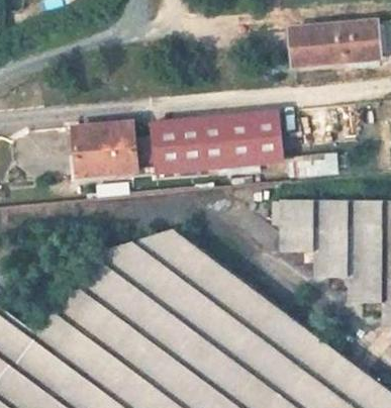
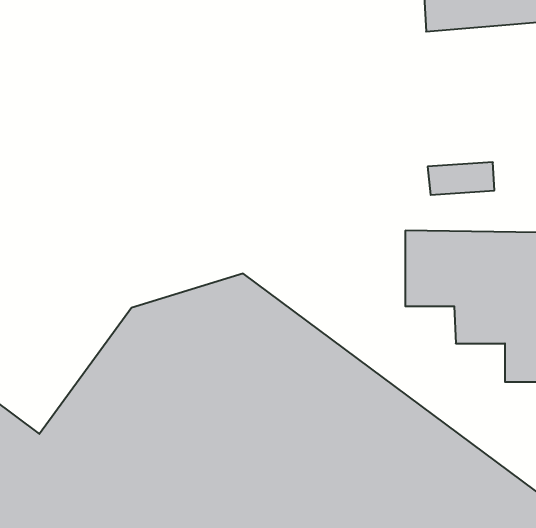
building: [152,113,283,174] -> none
building: [74,123,136,174] -> none

